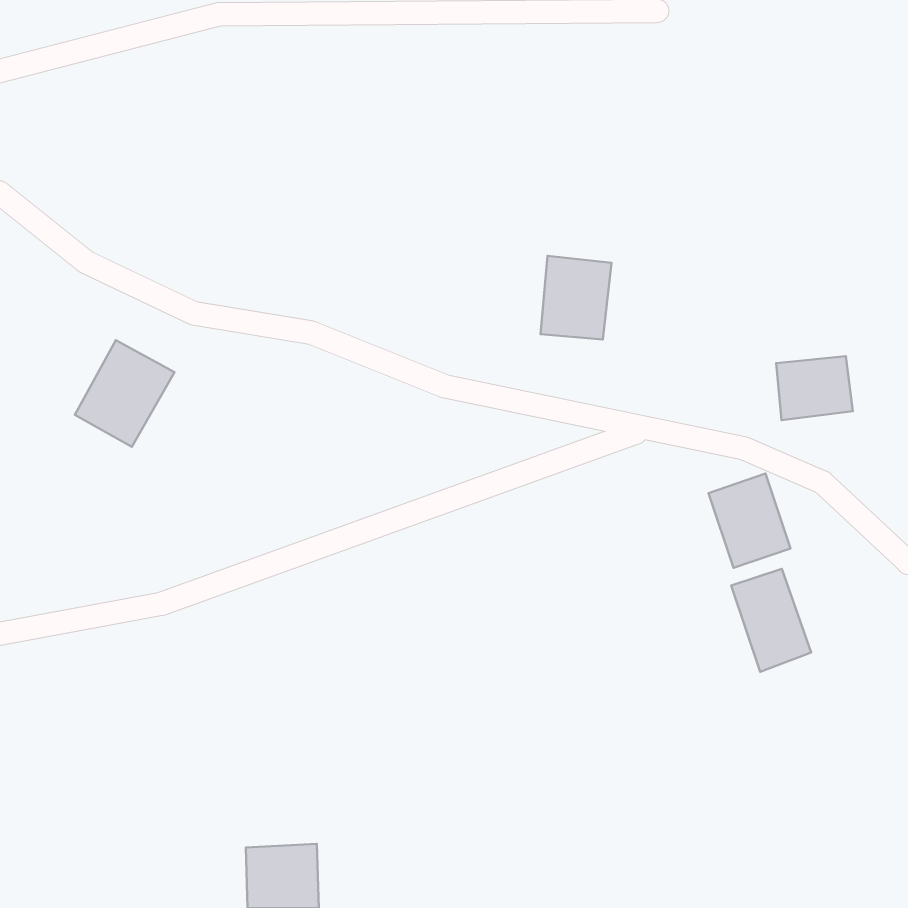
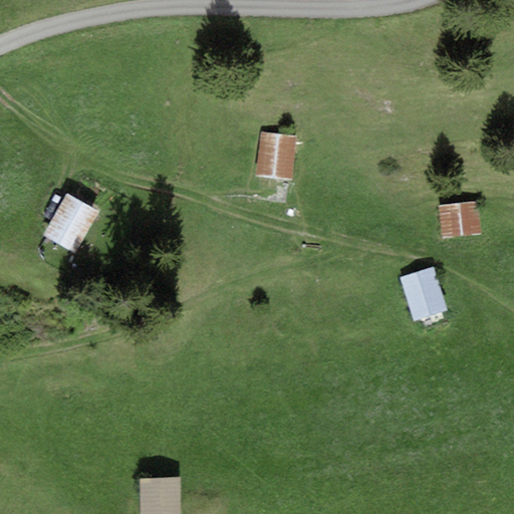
building: [540,256,612,339] -> [256,132,296,179]
building: [731,569,811,672] -> none

